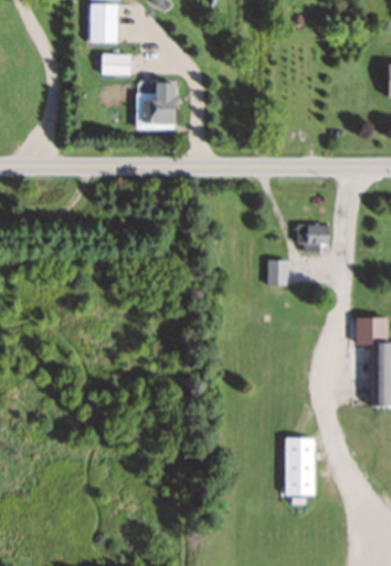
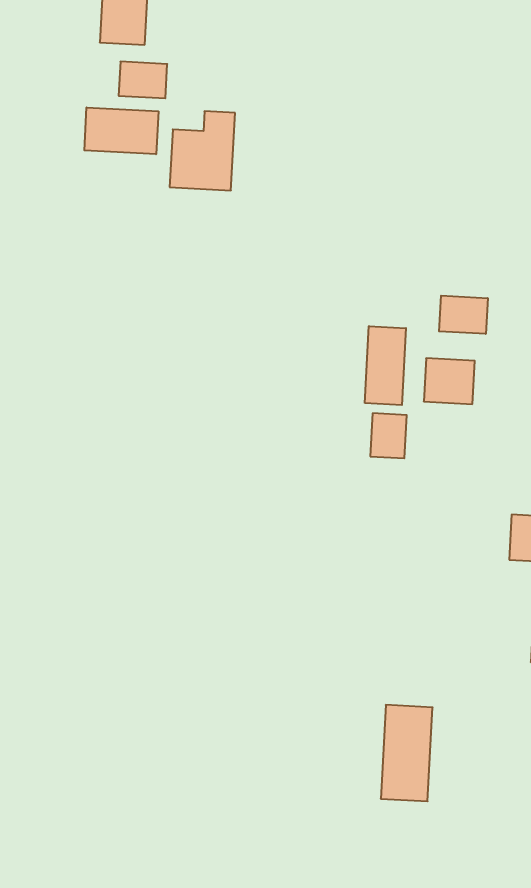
building: none -> [84,107,158,154]
building: none -> [439,296,488,334]
building: none -> [365,326,406,405]

